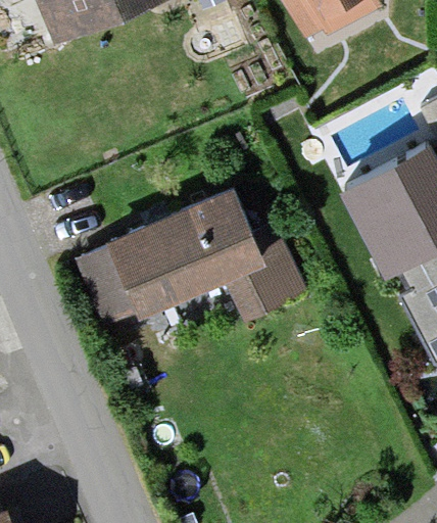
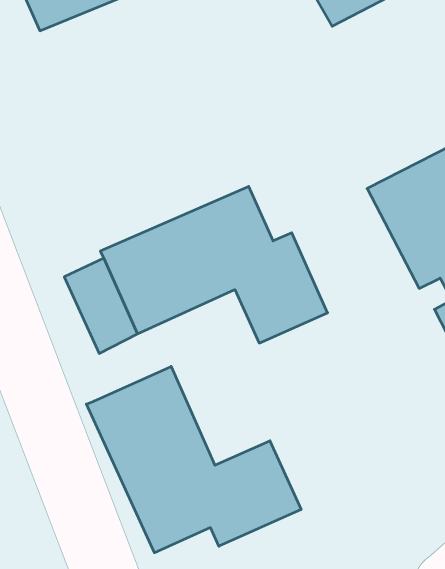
building: none -> [86,366,301,553]

